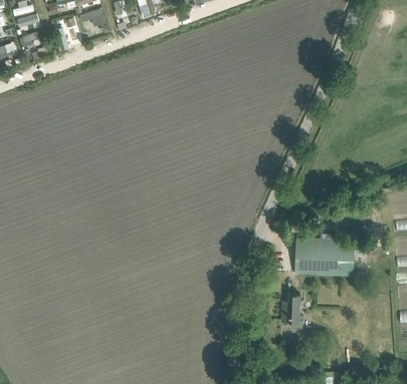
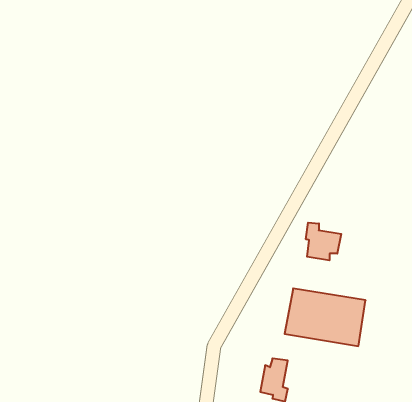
building: none -> [306,223,341,260]

